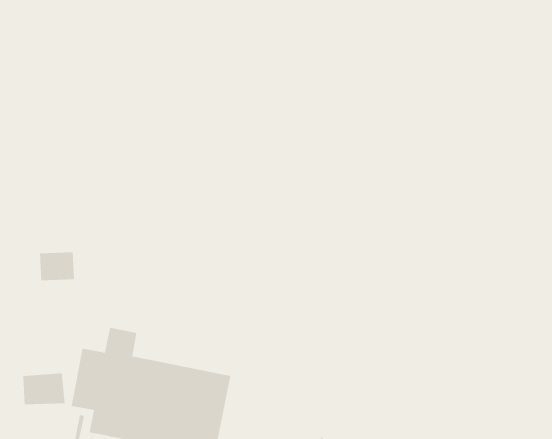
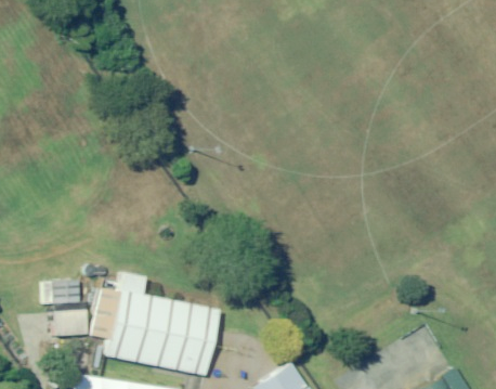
building: [39,252,75,281] -> [53,278,81,301]

